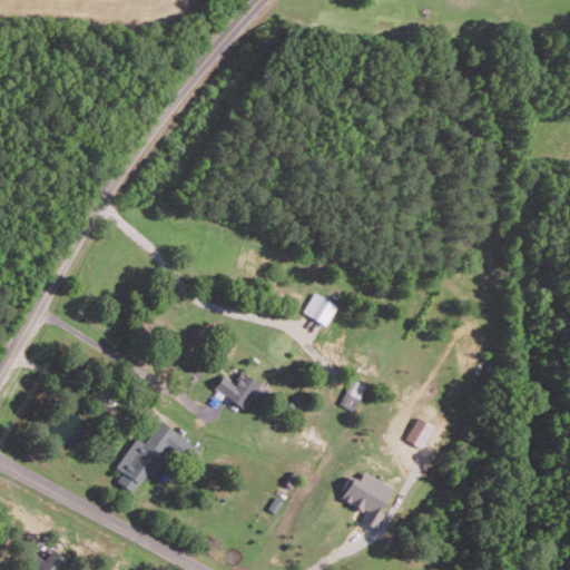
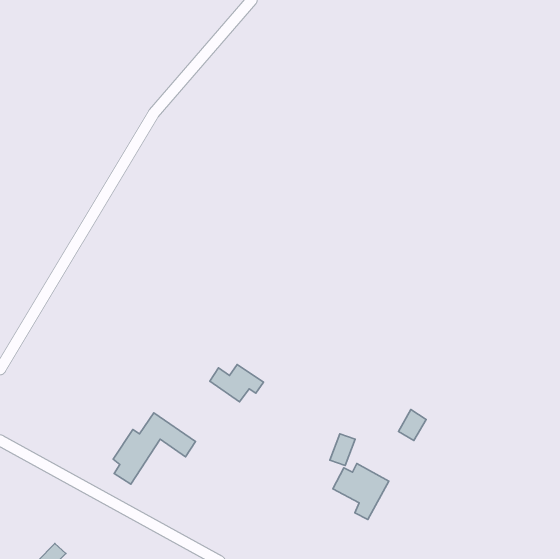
building: [303,293,337,326] -> none
building: [340,380,365,412] -> [330,434,355,466]

